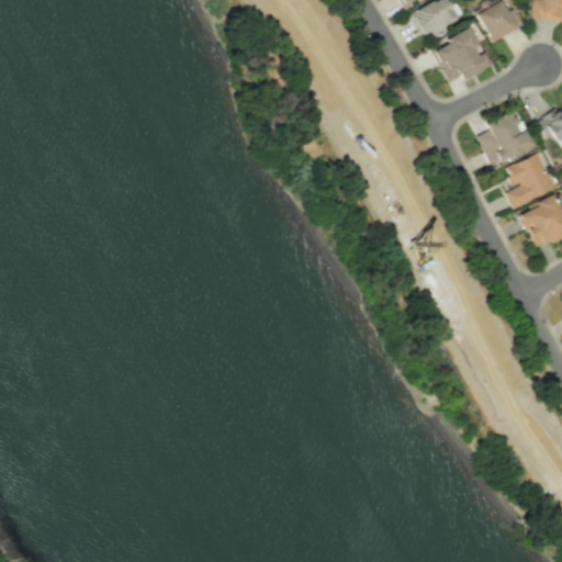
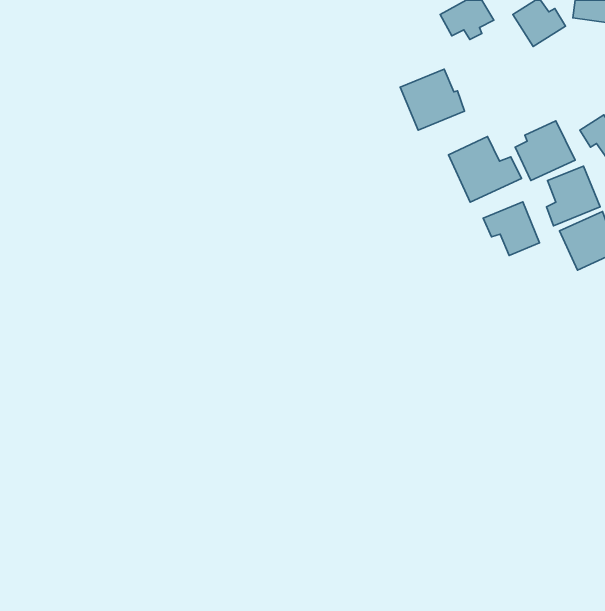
building: [431,27,491,83] -> [400,69,465,130]
building: none -> [449,136,521,202]
building: none -> [483,202,539,255]

